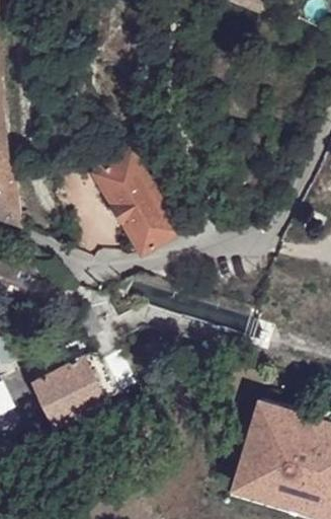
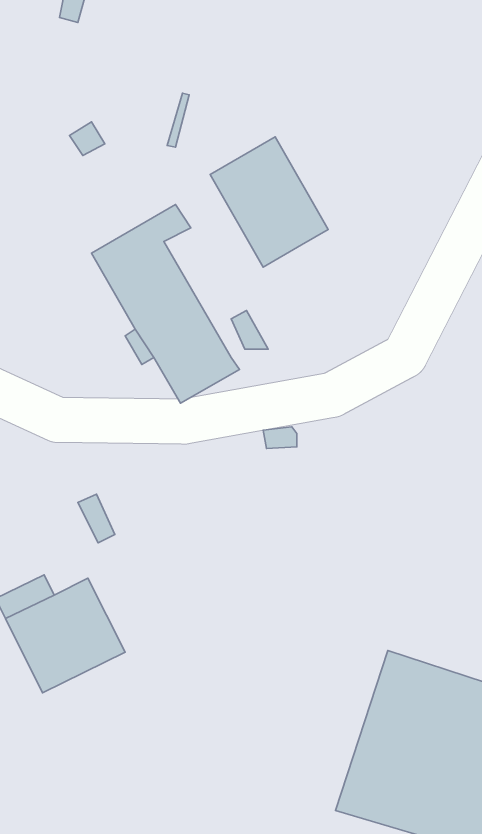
building: none -> [210,137,328,267]

